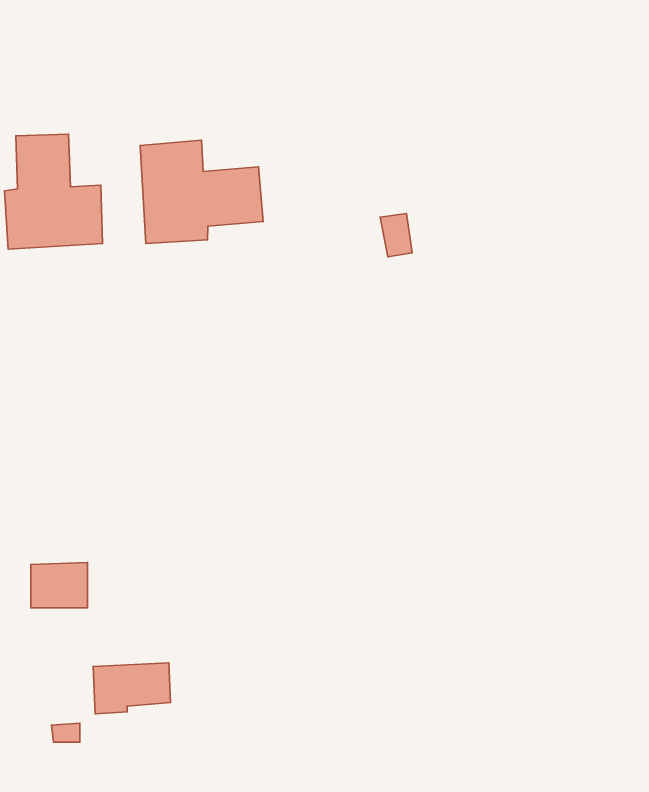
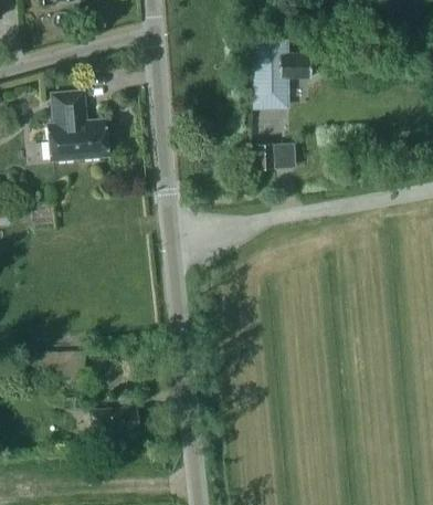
building: none -> [257,42,315,106]
building: [140,140,263,243] -> none

